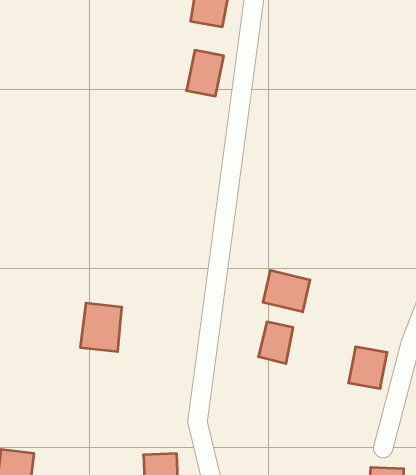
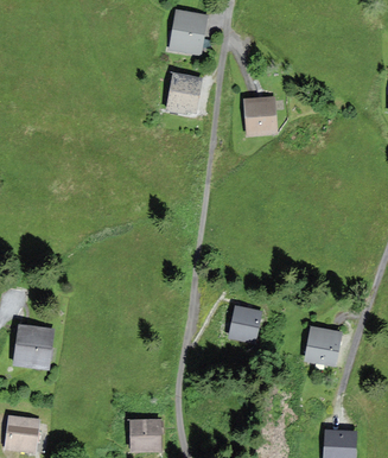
building: none -> [244,97,274,134]
building: [263,270,310,312] -> none
building: [80,303,122,352] -> [14,325,50,367]

